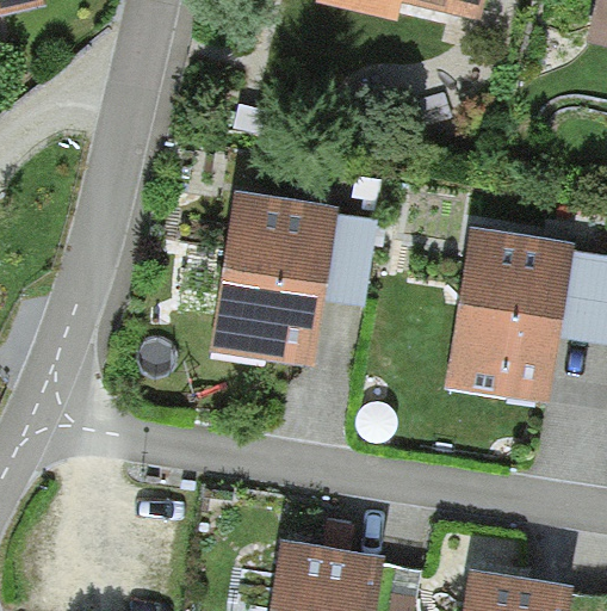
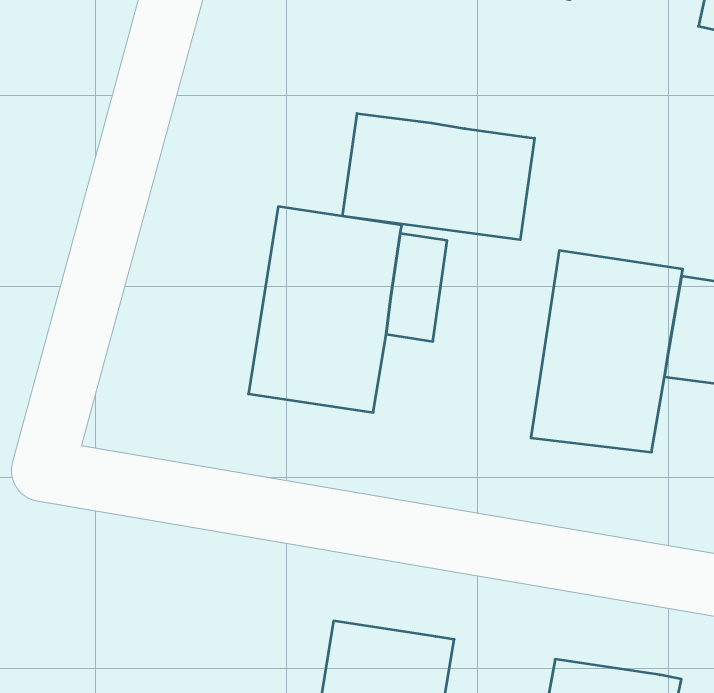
building: none -> [342,113,535,240]

